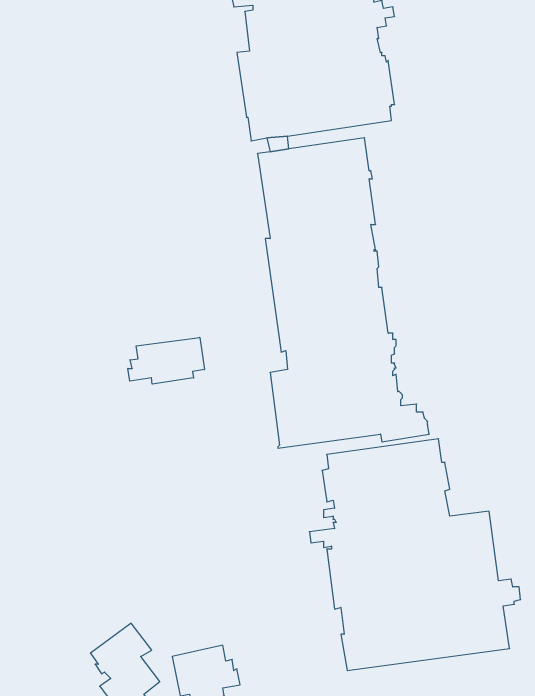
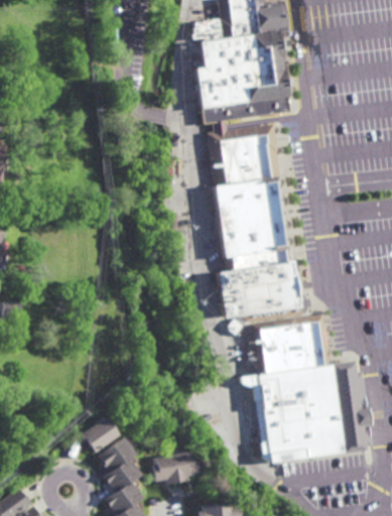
building: [128,337,204,384] -> none
building: none -> [82,414,121,452]

